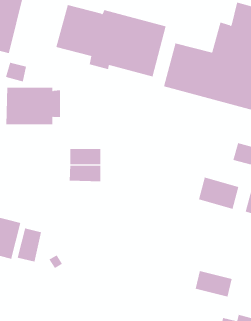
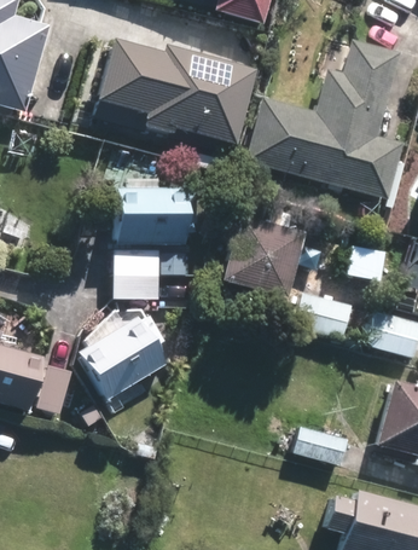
building: [6,87,61,125] -> [117,189,197,243]
building: none -> [223,215,306,296]
building: none -> [79,315,164,398]

